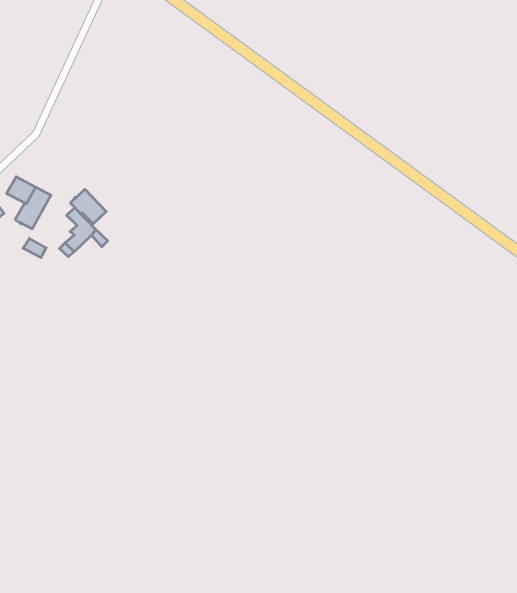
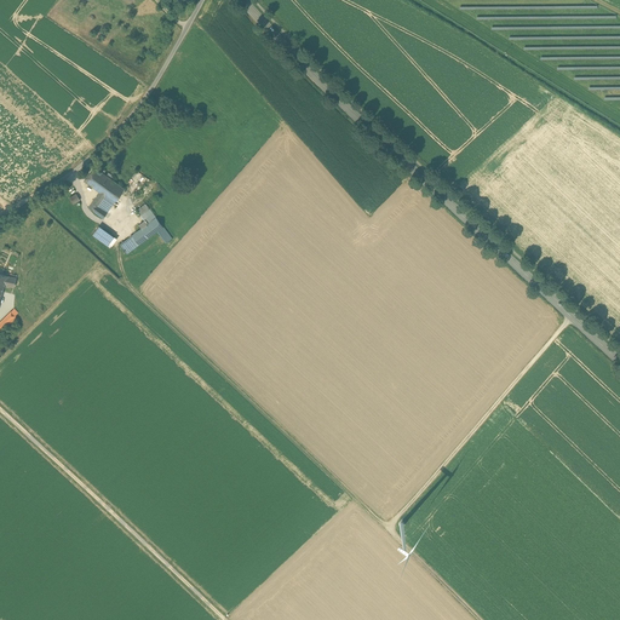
building: [70,189,106,224] -> none

